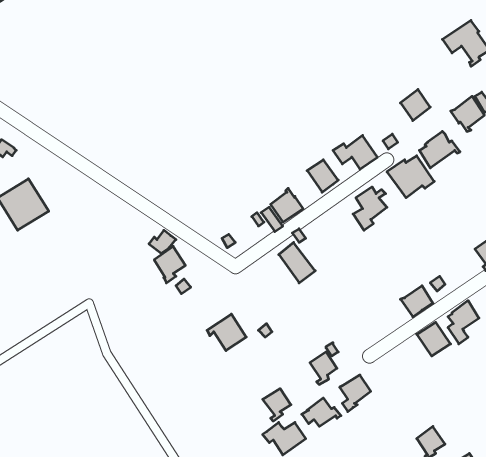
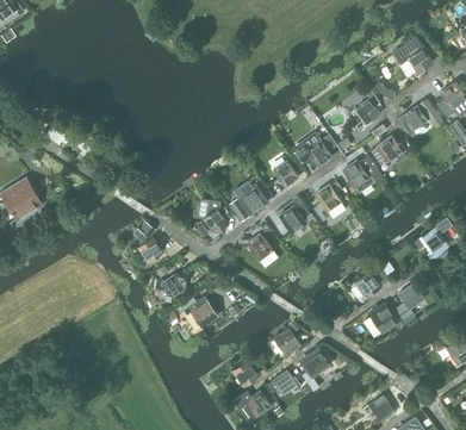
building: none -> [278,197,310,235]
building: none -> [201,199,226,232]
building: none -> [154,273,187,298]

